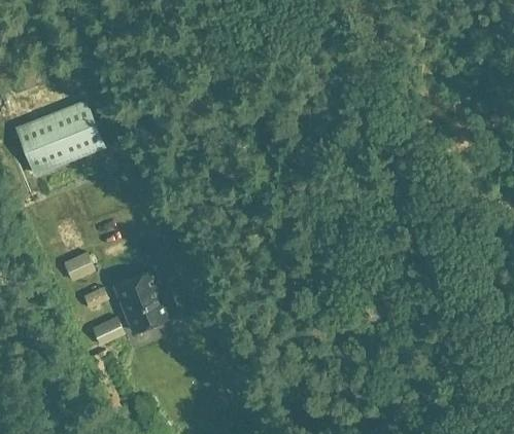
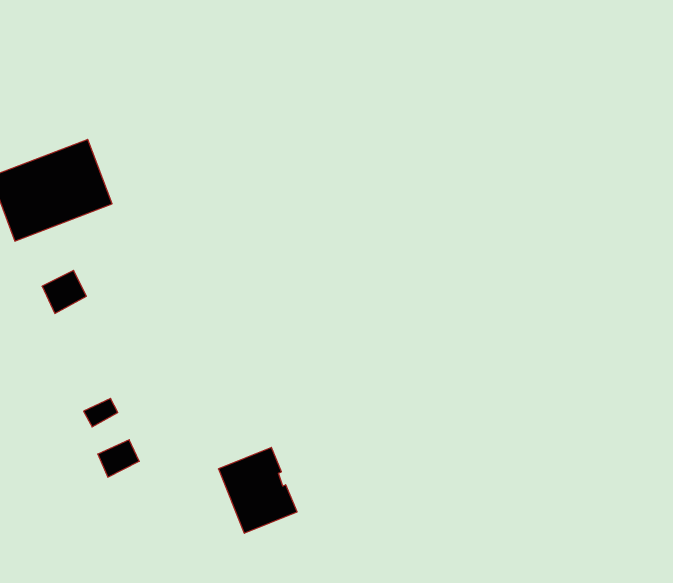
building: [63,252,95,283] -> [42,270,86,313]
building: [114,270,171,332] -> [218,447,297,533]

